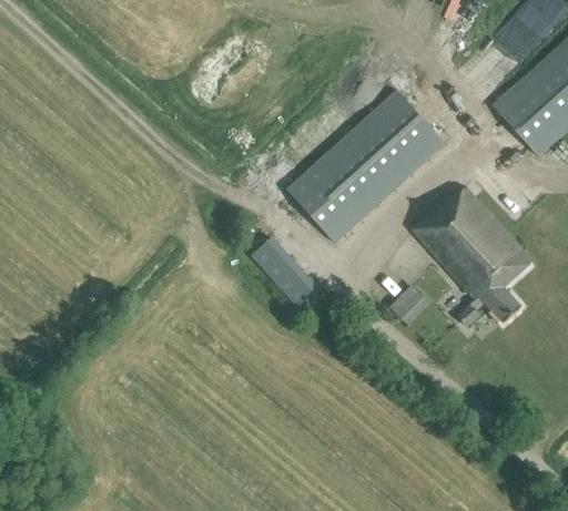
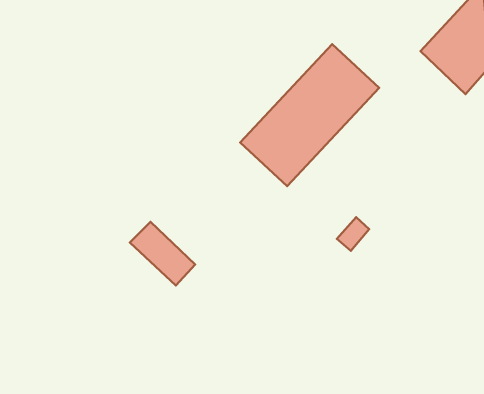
building: [412,188,531,327] -> none
building: [254,233,324,305] -> [130,222,195,285]

